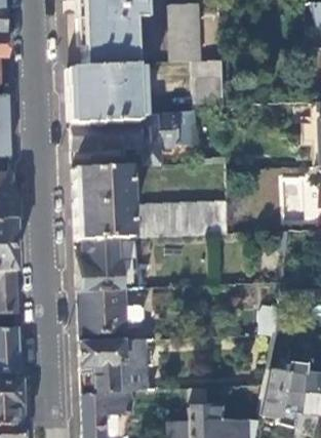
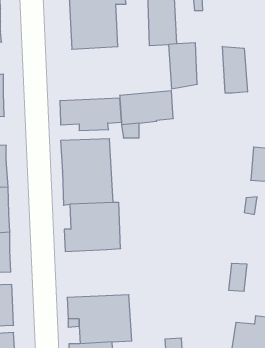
building: [69,63,138,123] -> none
building: none -> [222,46,247,93]
building: [136,200,230,236] -> none
building: [78,288,145,333] -> none

